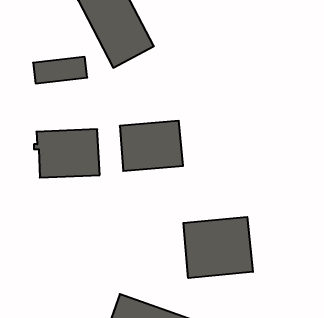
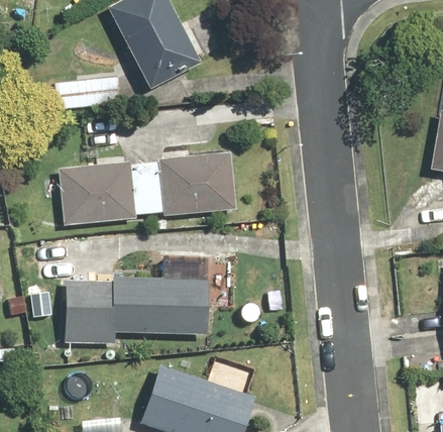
building: none -> [63,266,213,344]
building: [183,217,253,278] -> none

